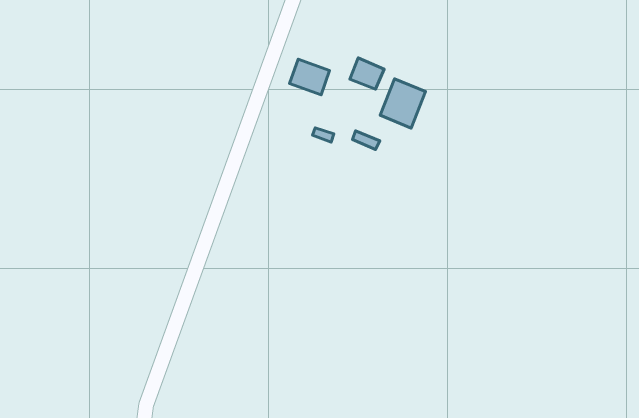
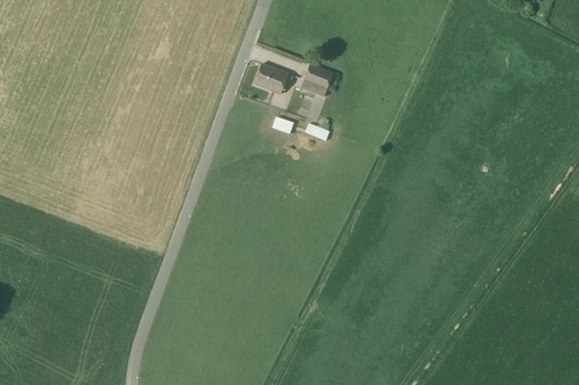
building: [380,79,426,128] -> none

